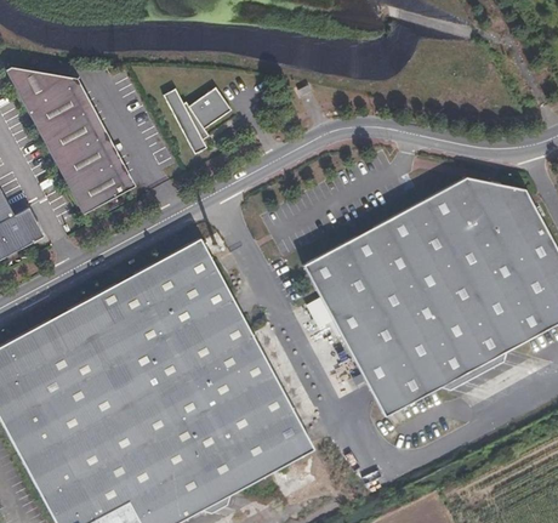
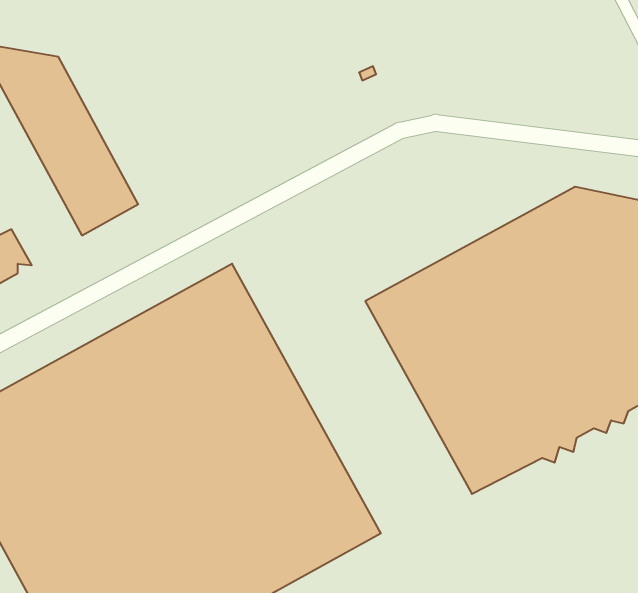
building: [163,86,232,153] -> none

